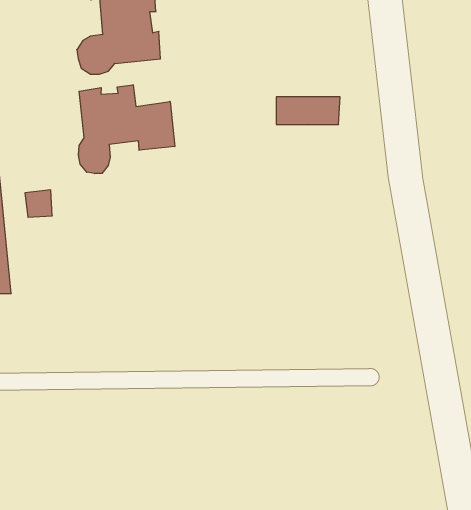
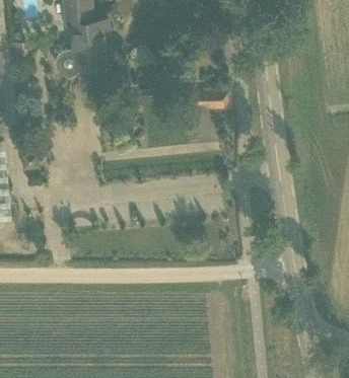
building: [79,85,175,174] -> none

